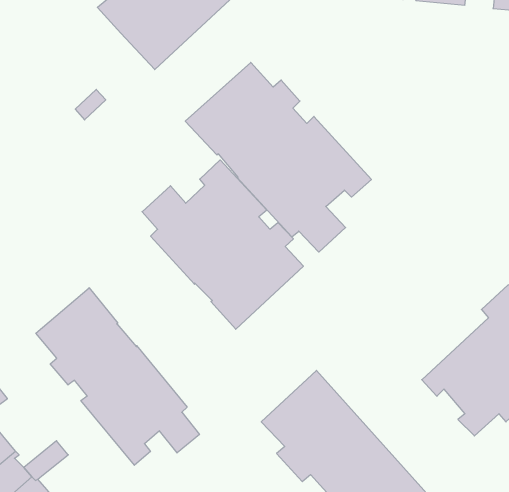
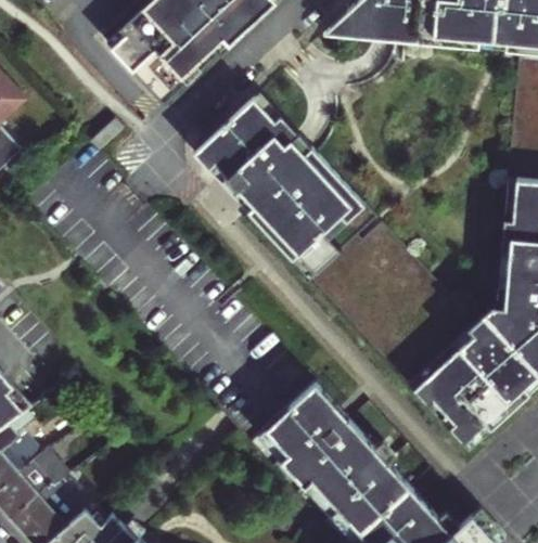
building: [142,160,303,329] -> none
building: [36,288,199,465] -> none

